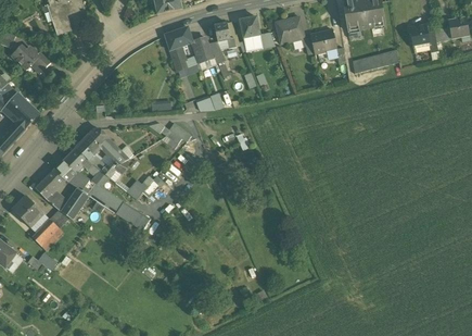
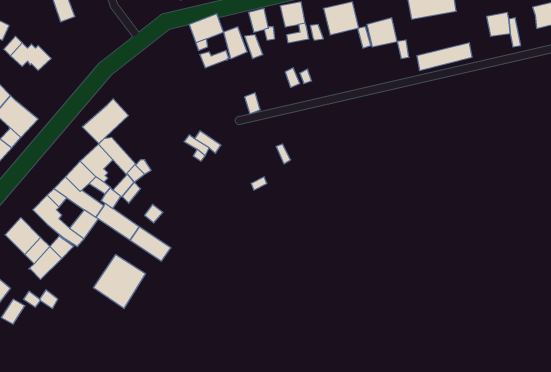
building: none -> [82,99,128,143]
building: none -> [93,255,145,309]

